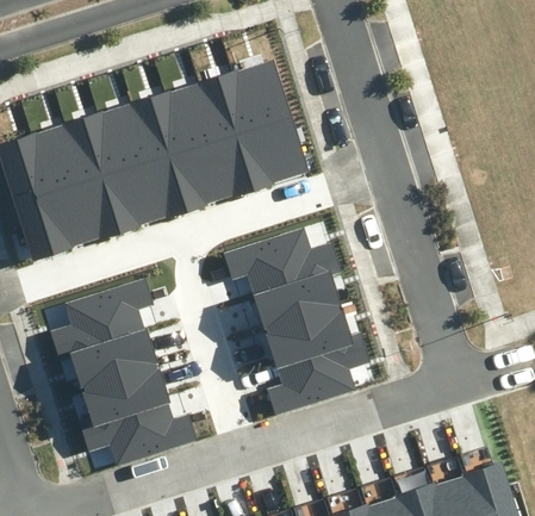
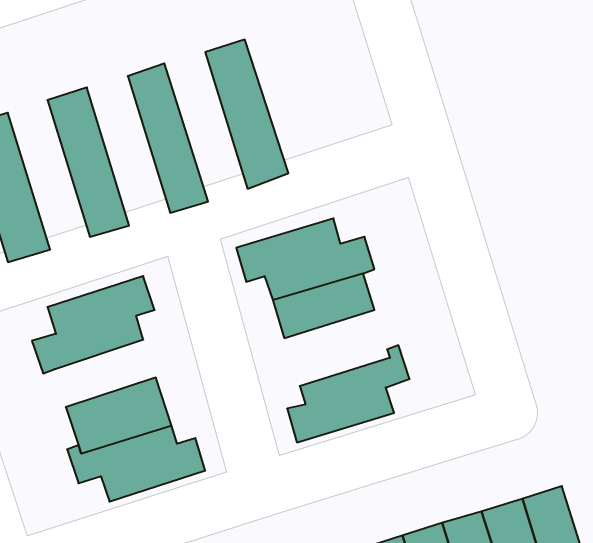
building: [230,62,309,188] -> none
building: [162,86,232,212] -> none
building: [97,106,167,232] -> none
building: [30,126,99,253] -> none
building: [263,304,353,368] -> none
building: [69,329,155,386] -> none

